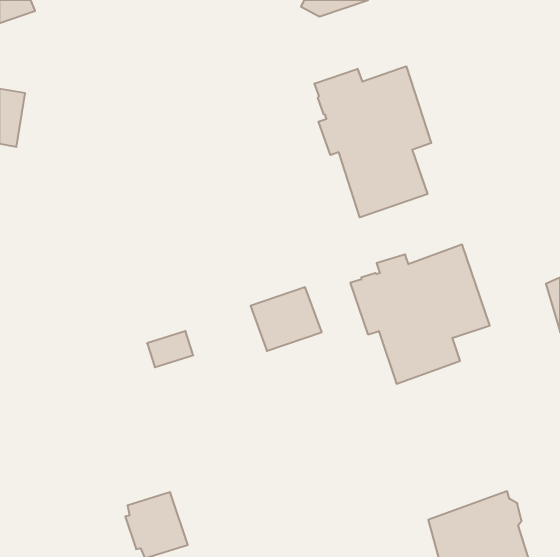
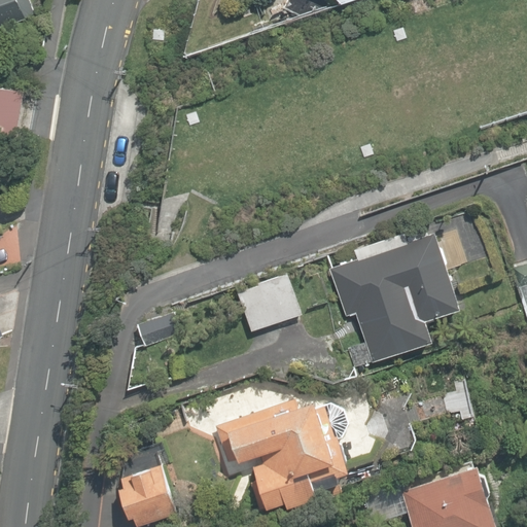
building: [314,66,431,217] -> none
building: none -> [215,400,348,510]

